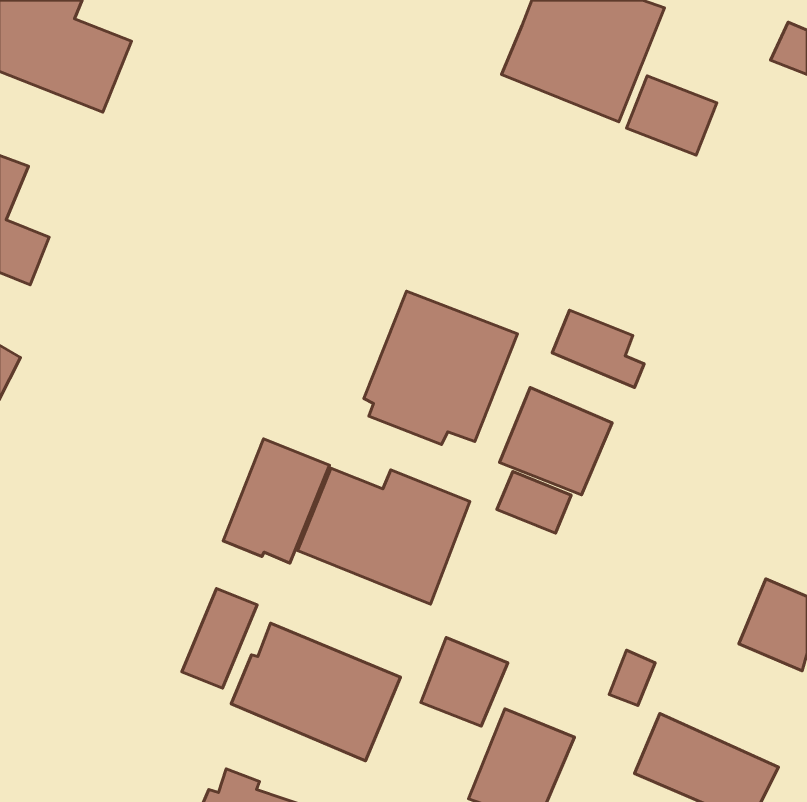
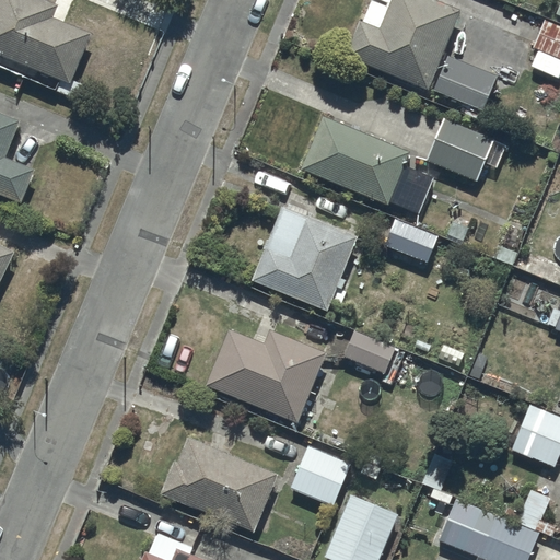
building: none -> [301,116,420,209]
building: none -> [424,119,494,183]
building: [500,388,612,495] -> none
building: [223,439,329,563] -> none
building: [182,589,257,688] -> none

